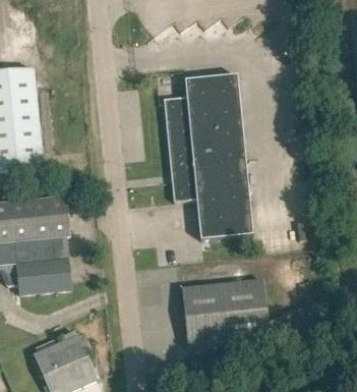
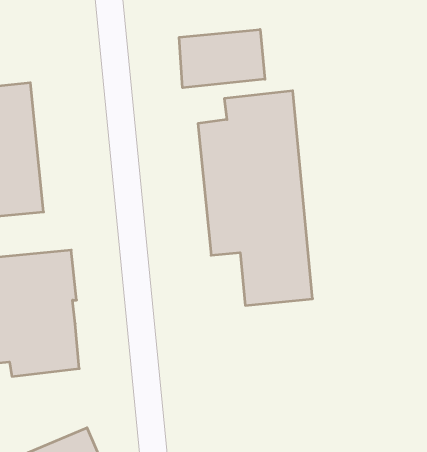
building: none -> [179,29,265,88]
building: [182,278,269,347] -> none

